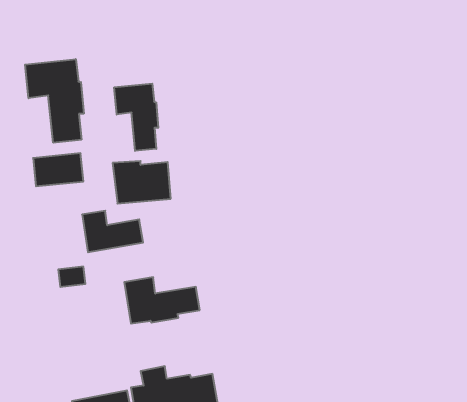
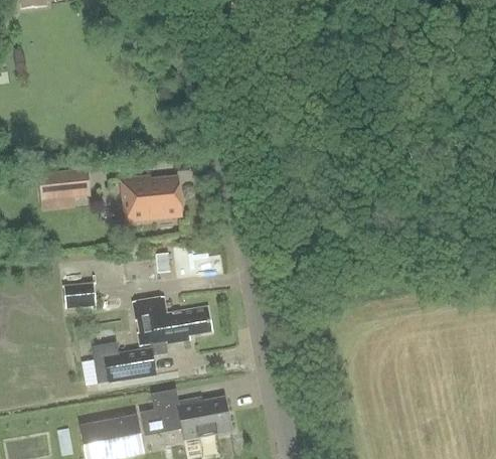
building: [25,59,84,143] -> none
building: [114,84,158,151] -> none
building: [82,211,143,252] -> [92,340,155,384]

